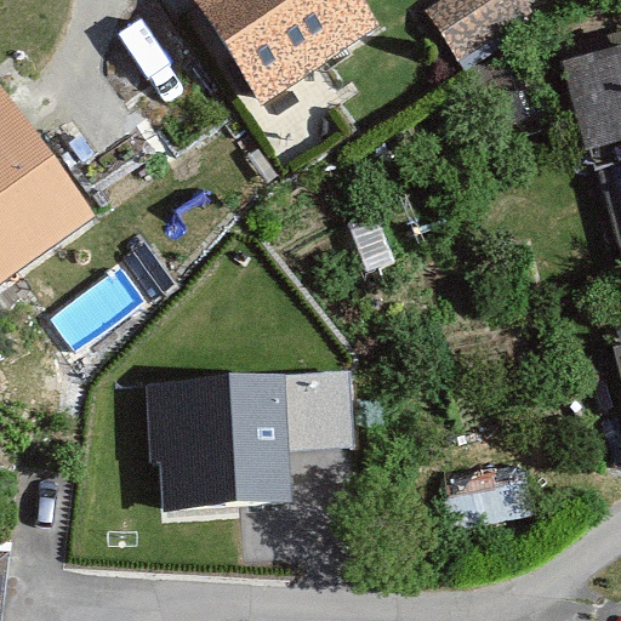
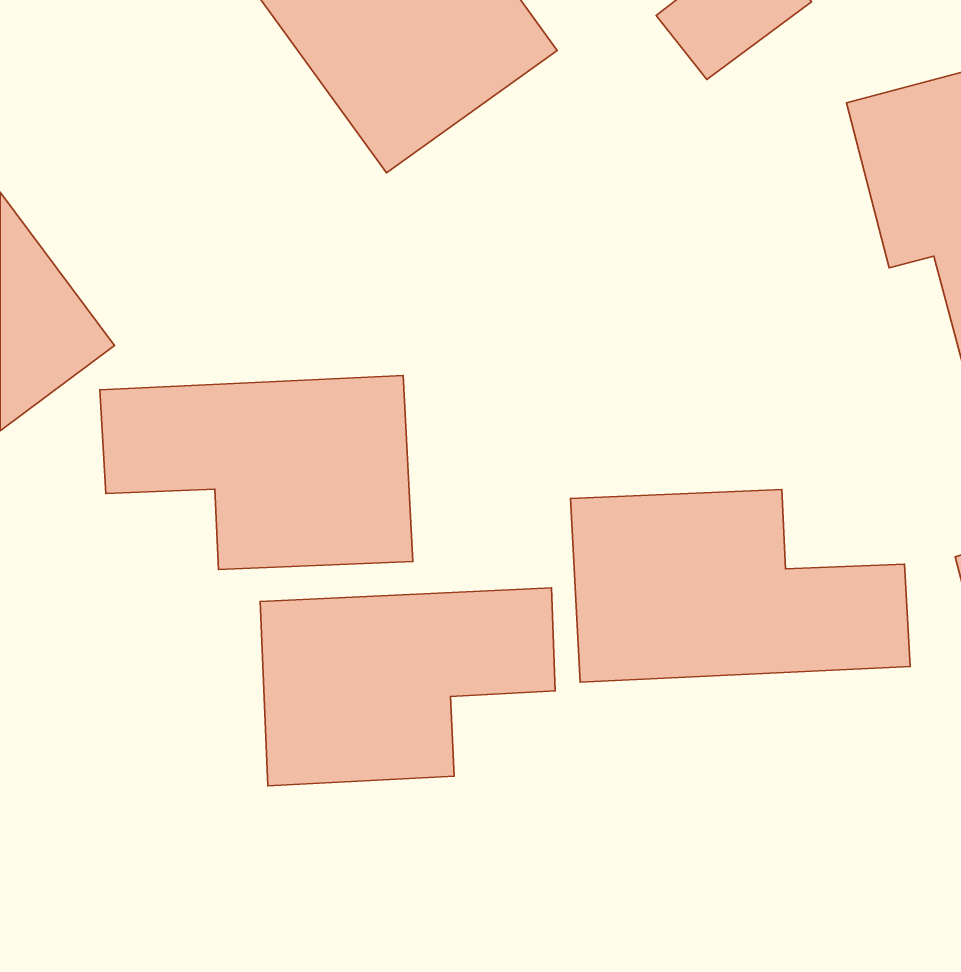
building: none -> [100,376,413,569]
building: none -> [571,490,910,682]

